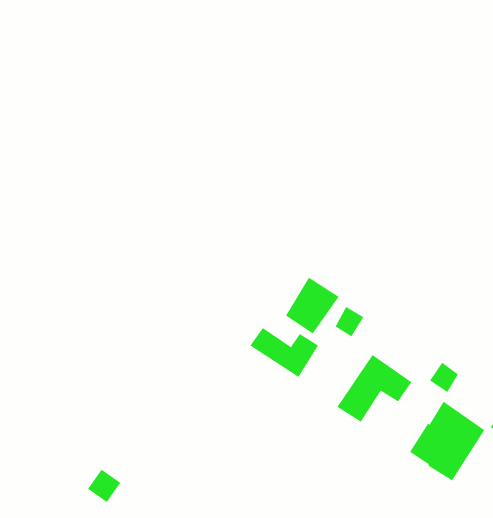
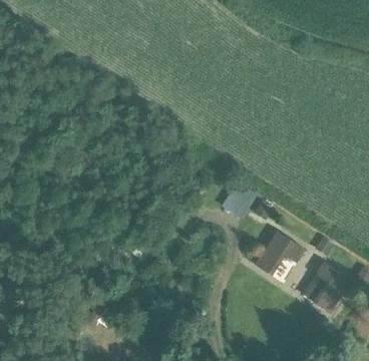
building: [249,327,319,378] -> none

